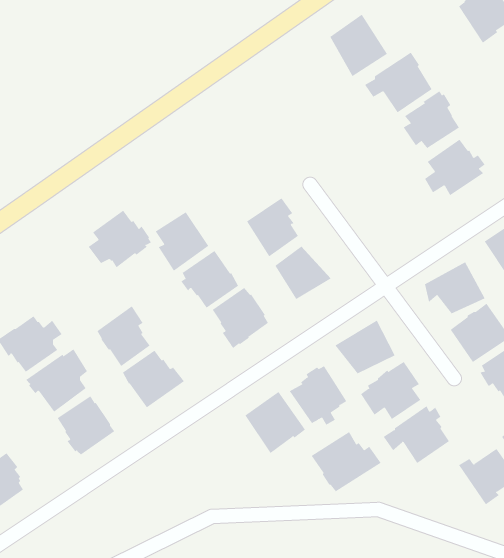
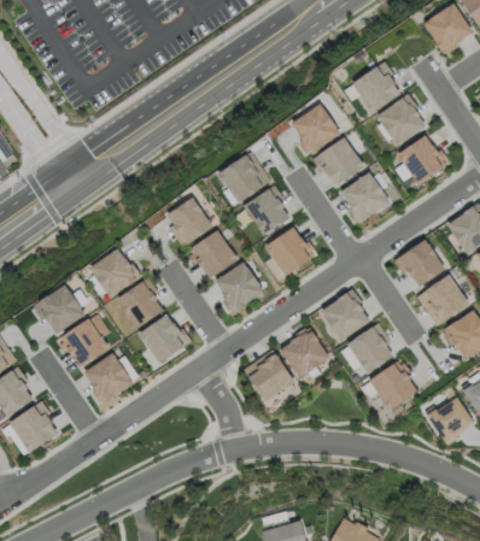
building: [329,14,388,77] -> [292,99,341,152]
building: none -> [317,136,367,182]
building: none -> [217,152,271,206]
building: none -> [340,172,388,224]
building: [88,210,152,268] -> [87,249,141,299]
building: [311,431,381,492] -> none

